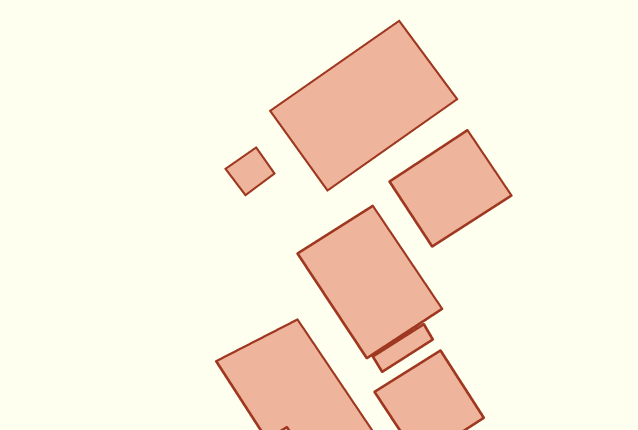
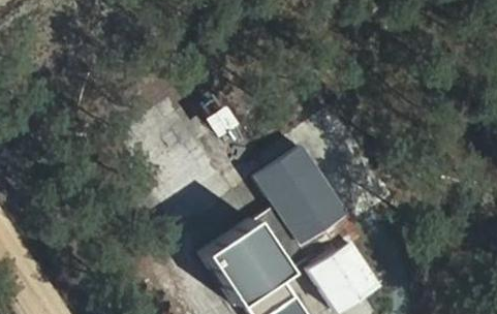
building: [270,21,457,191] -> none
building: [390,130,511,246] -> none

